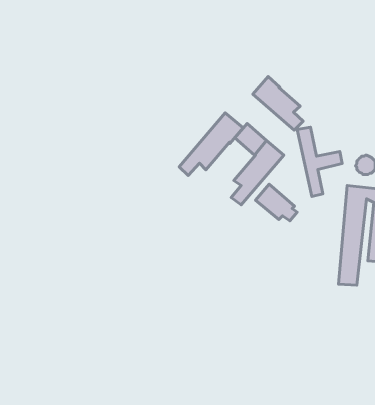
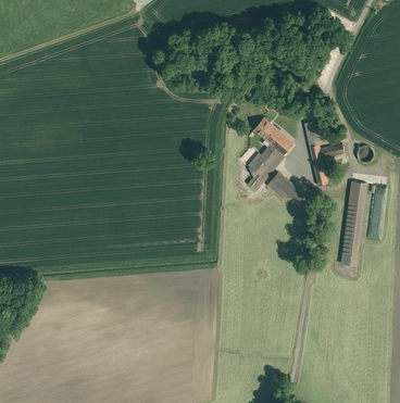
building: [253,77,303,130] -> none
building: [179,113,243,176] -> none

